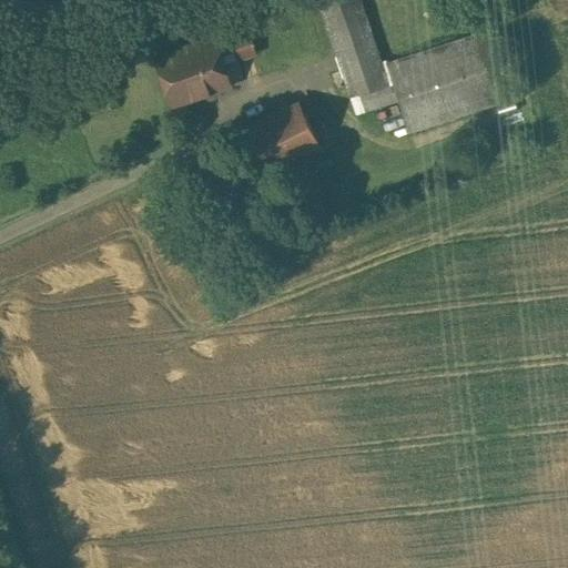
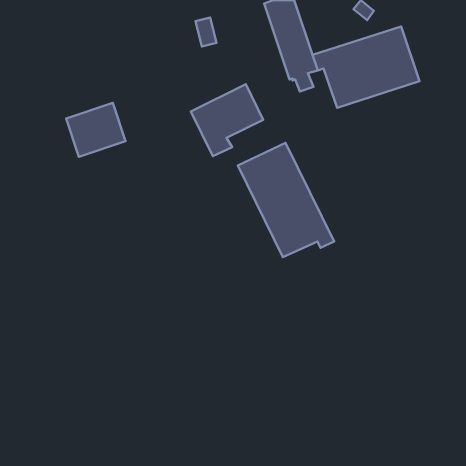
building: [158,40,230,105] -> [66,103,125,157]
building: none -> [238,143,334,257]

